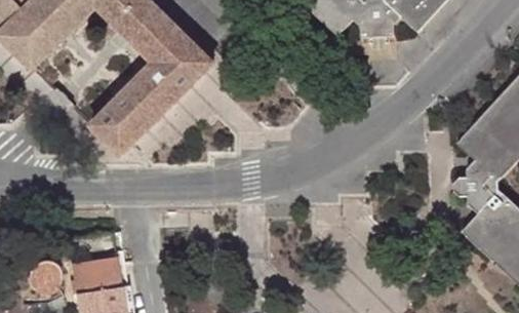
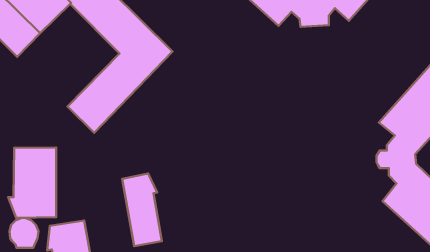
building: none -> [8,147,56,218]
building: none -> [122,173,162,246]

